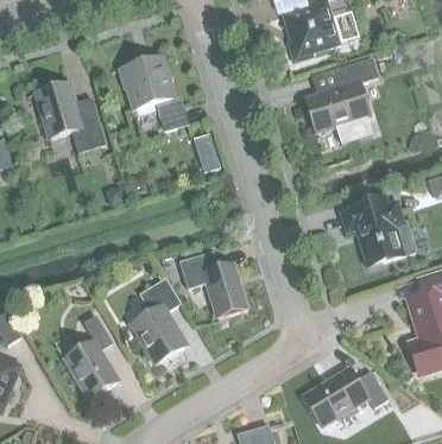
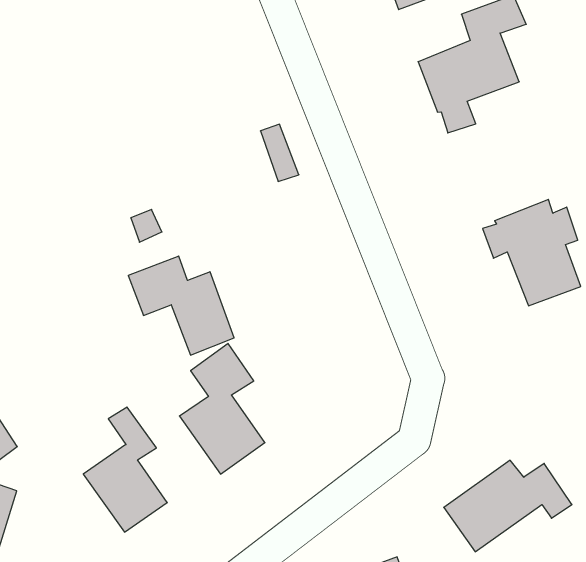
building: [118,55,189,132] -> none
building: [34,82,105,152] -> none
building: [178,250,246,317] -> [128,256,234,355]

